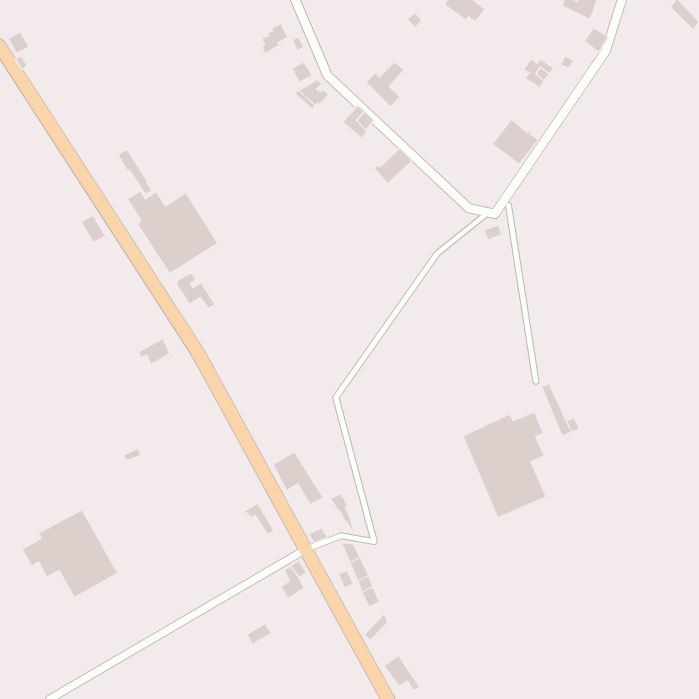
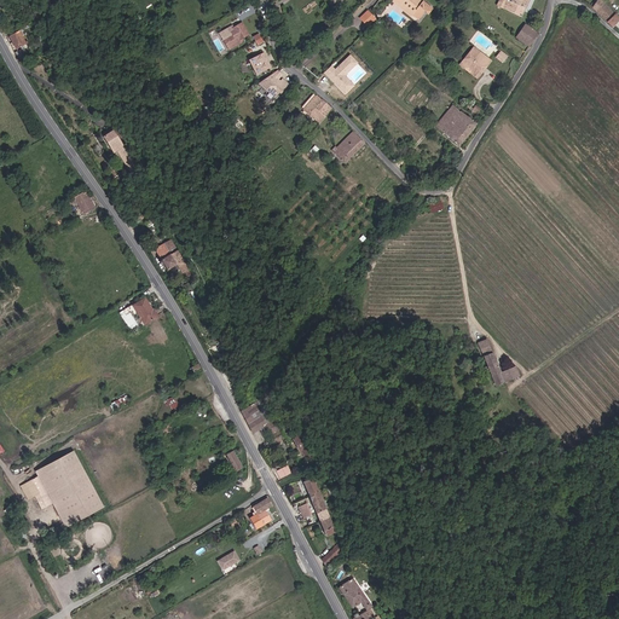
building: [127,191,218,274] -> none
building: [463,412,546,518] -> none

